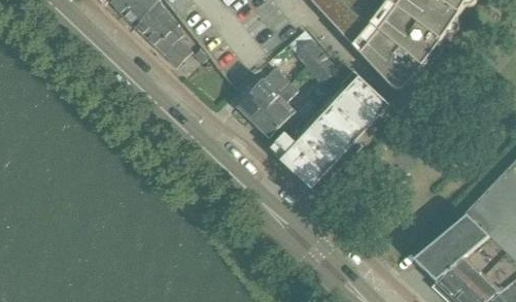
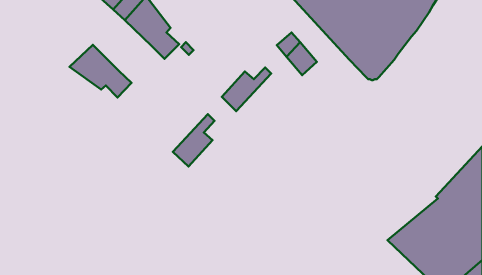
building: none -> [69,45,131,97]
building: [271,71,391,191] -> none
building: [253,81,298,137] -> [173,114,215,166]

